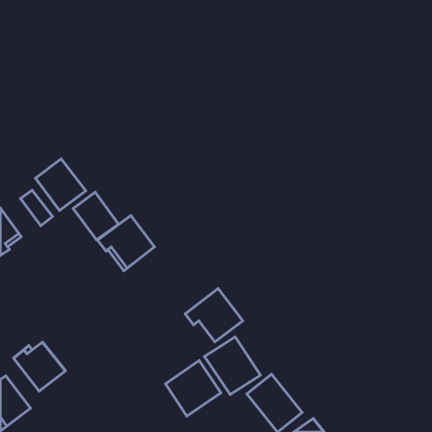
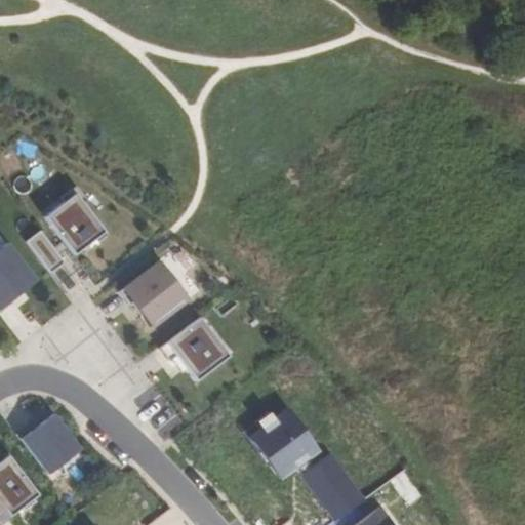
building: [73,192,118,240] -> none
building: [185,288,243,342] -> [160,316,230,380]
building: [165,361,221,416] -> none

